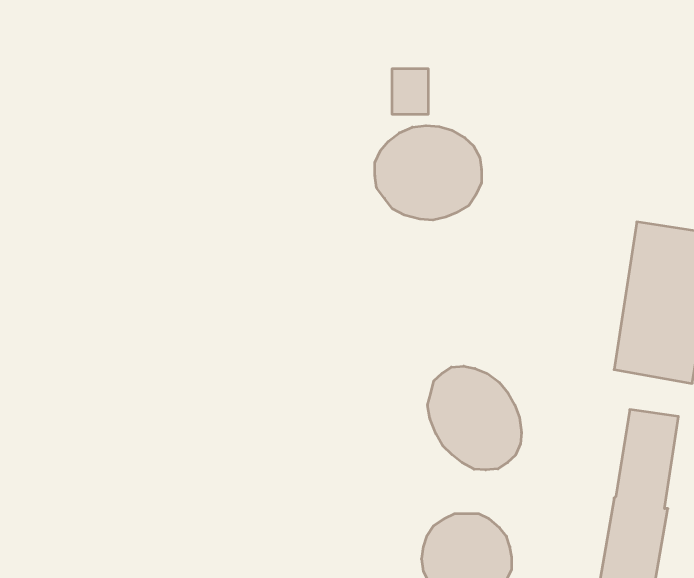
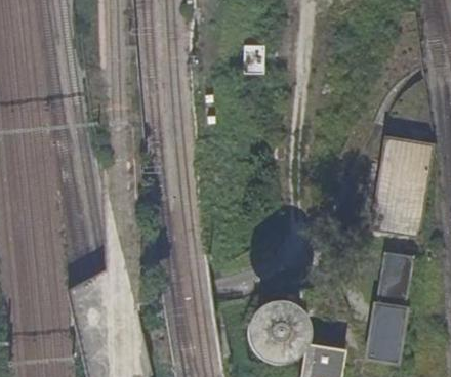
building: [375,126,481,220] -> none
building: [428,366,521,470] -> none

